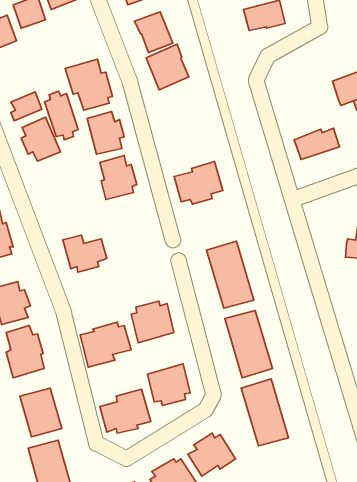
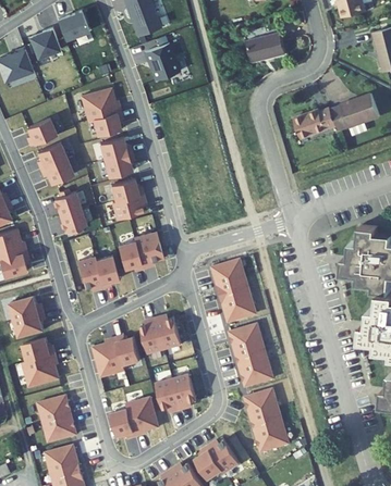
building: [146,44,189,90] -> none
building: [45,91,78,140] -> [54,189,86,235]
building: [294,128,339,159] -> [293,109,335,138]
building: [174,161,223,204] -> [118,232,163,272]

